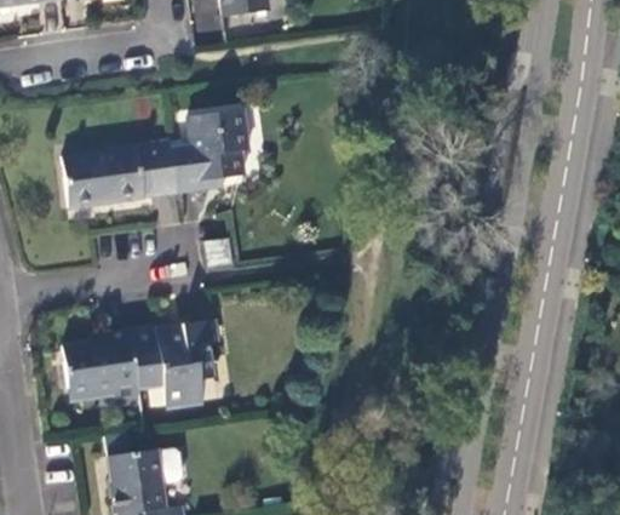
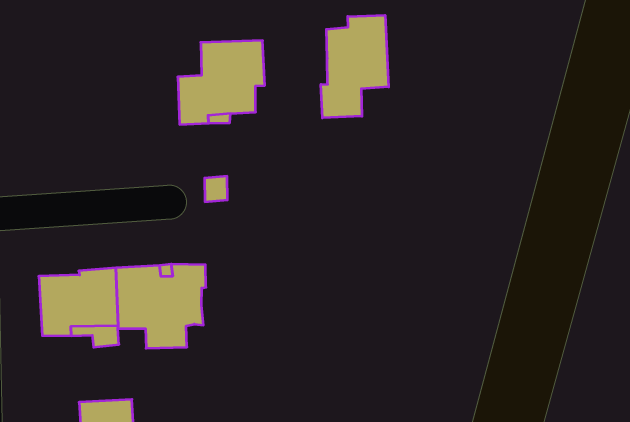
building: none -> [321,15,389,118]
building: [61,143,177,211] -> none

